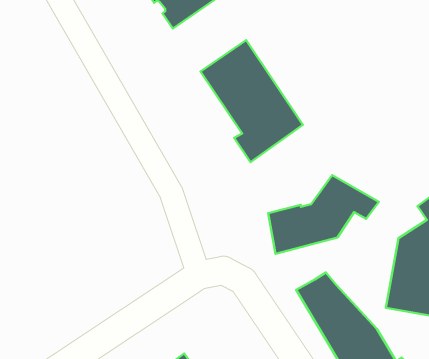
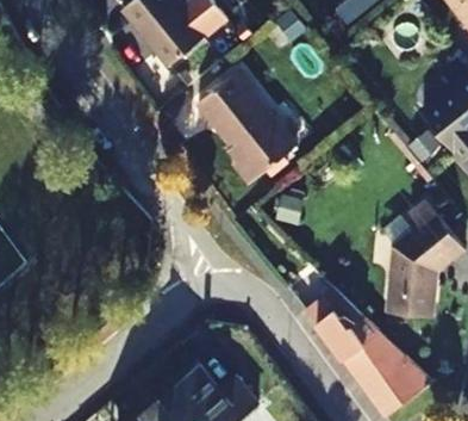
building: [268,175,379,254] -> none

